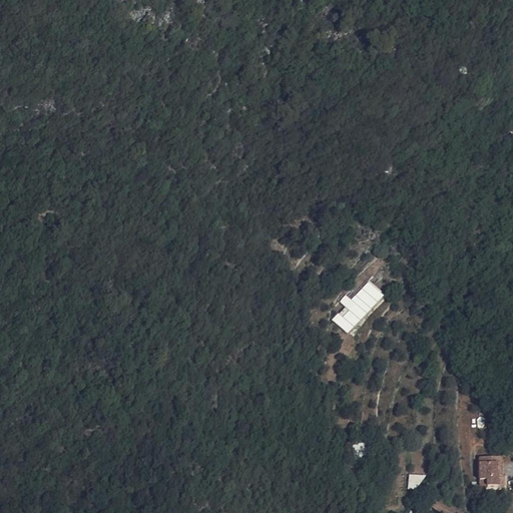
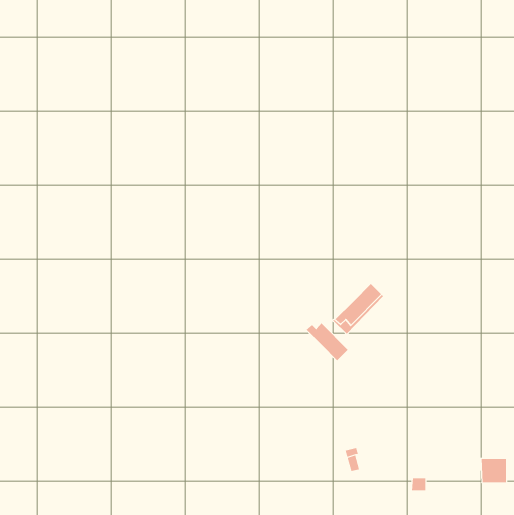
building: none -> [306,322,349,361]

